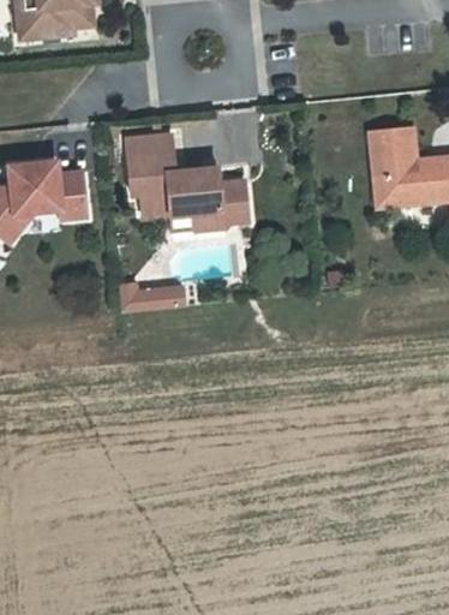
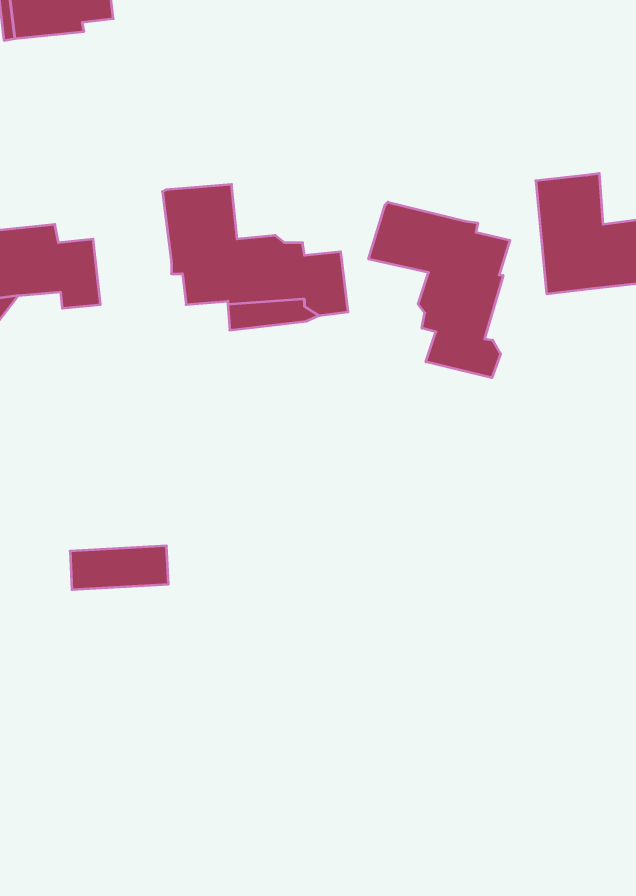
building: none -> [369,202,510,378]
building: [120,280,185,309] -> [70,546,168,590]

